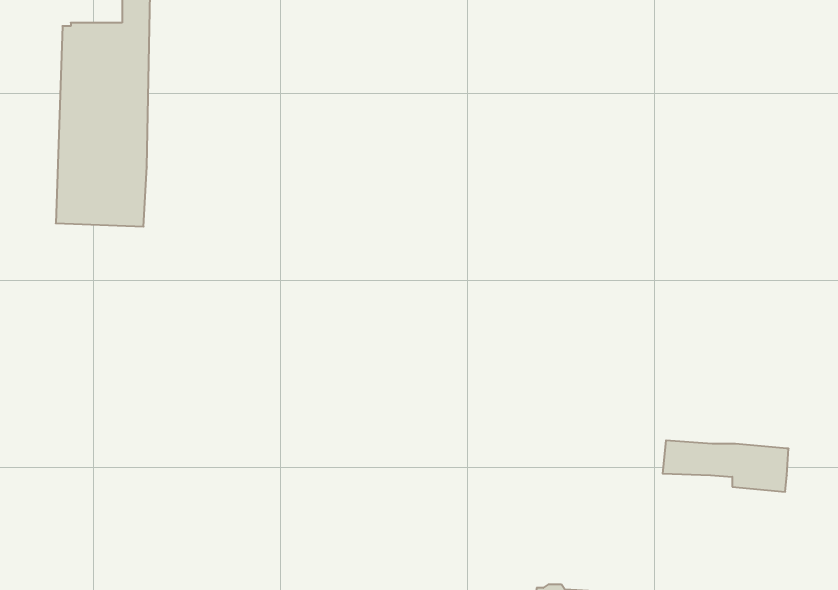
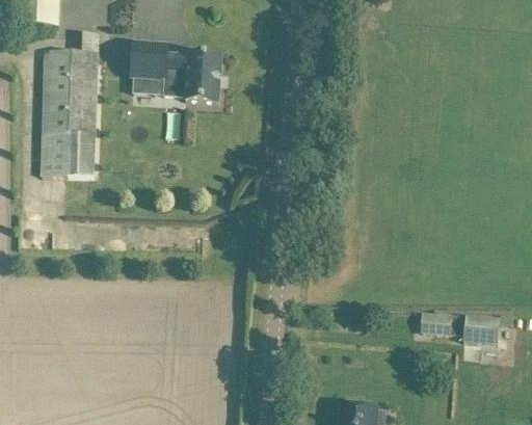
building: none -> [131,43,220,103]

